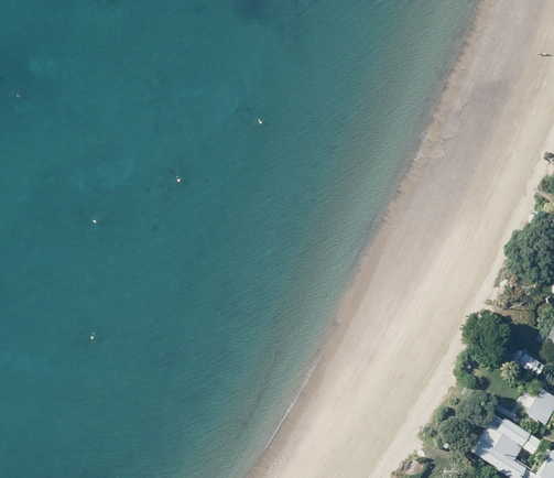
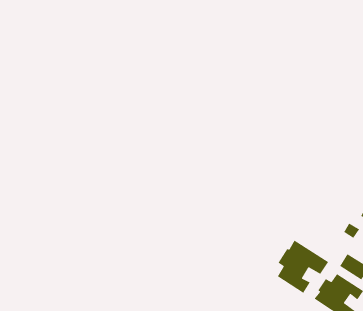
building: none -> [277,239,329,294]

